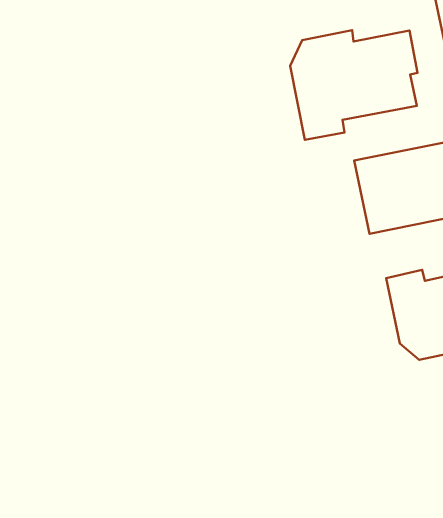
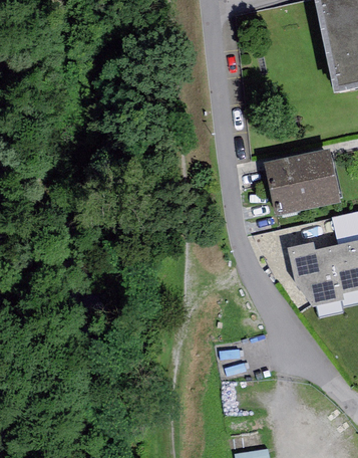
building: [290,30,418,140] -> none

